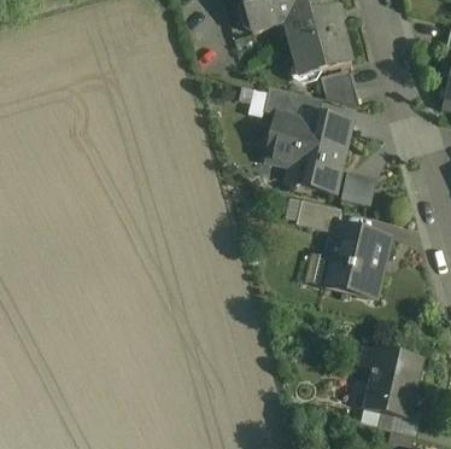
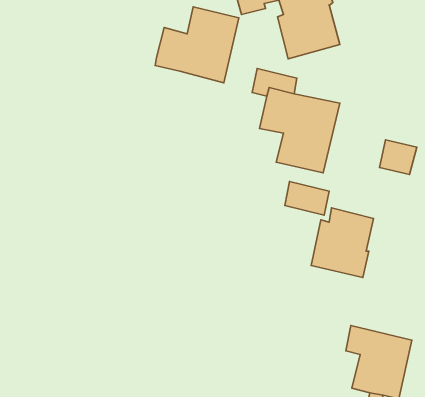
building: none -> [155,7,239,83]
building: [320,69,359,107] -> none
building: [340,168,377,203] -> [380,140,417,175]

